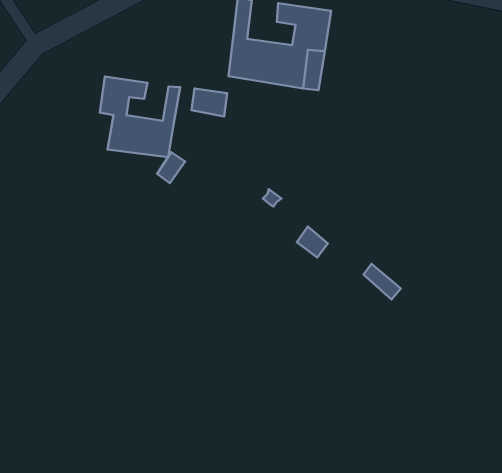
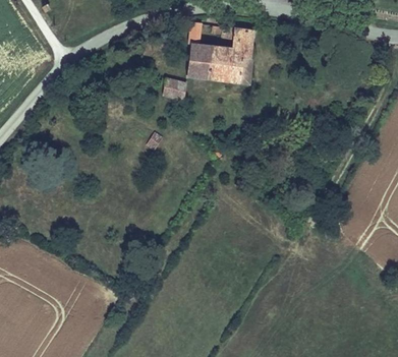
building: [100,76,180,157] -> none

